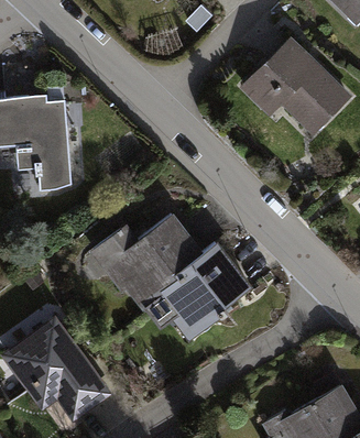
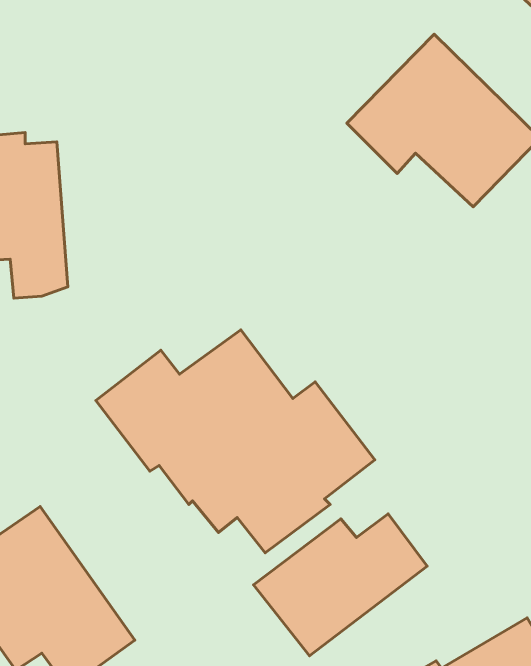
building: none -> [253,514,427,656]

